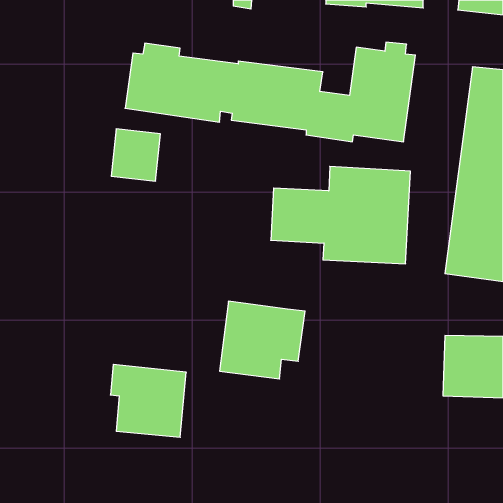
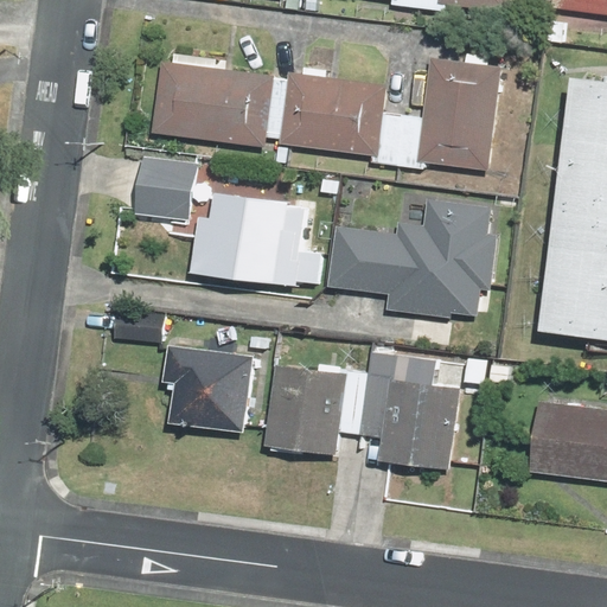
building: none -> [191,196,324,286]
building: none -> [363,356,467,473]
building: [110,364,186,437] -> [162,345,254,433]

